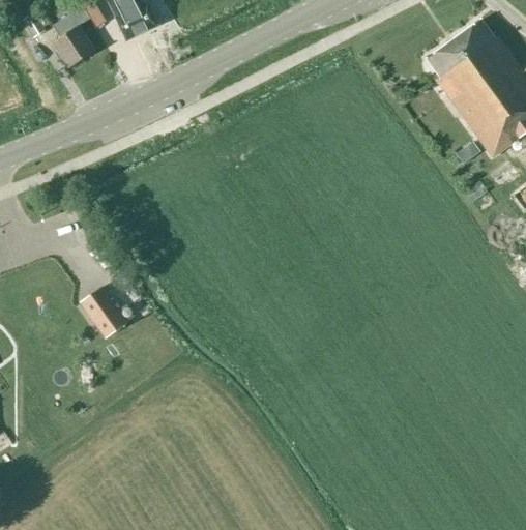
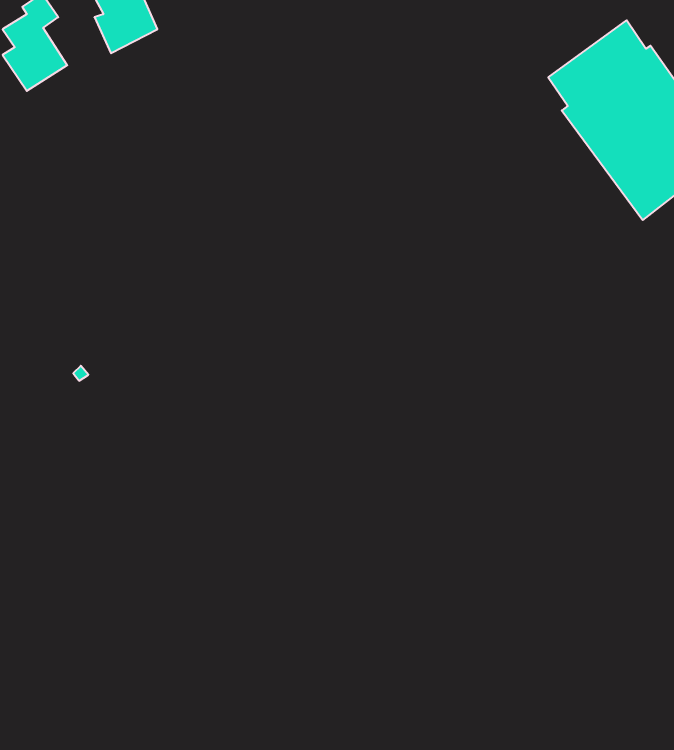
building: [79,285,128,338] -> none

